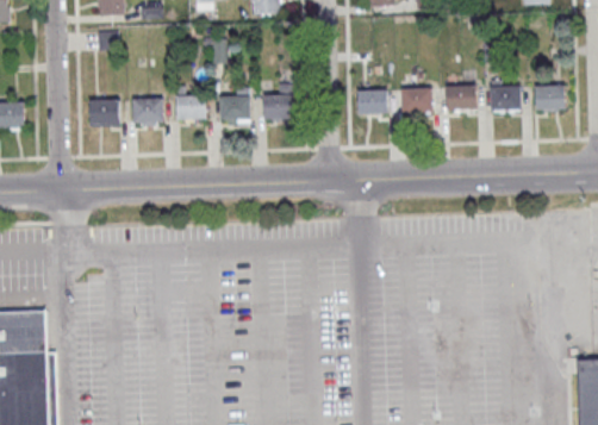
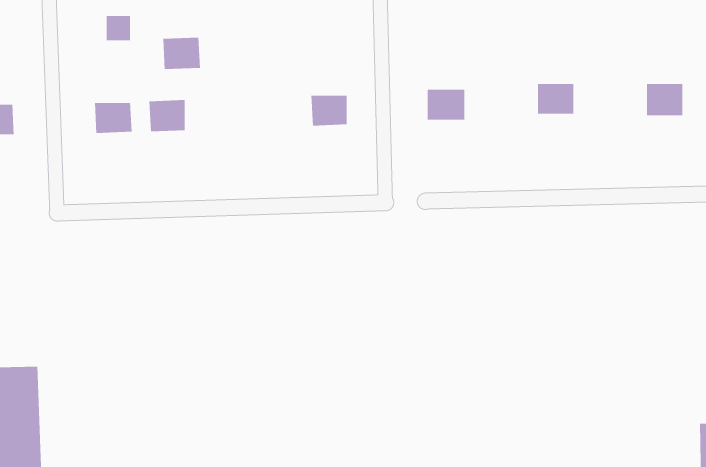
building: [490,80,521,110] -> none
building: [401,88,432,112] -> none
building: [175,94,206,120] -> [162,37,201,70]
building: [219,95,249,120] -> none

